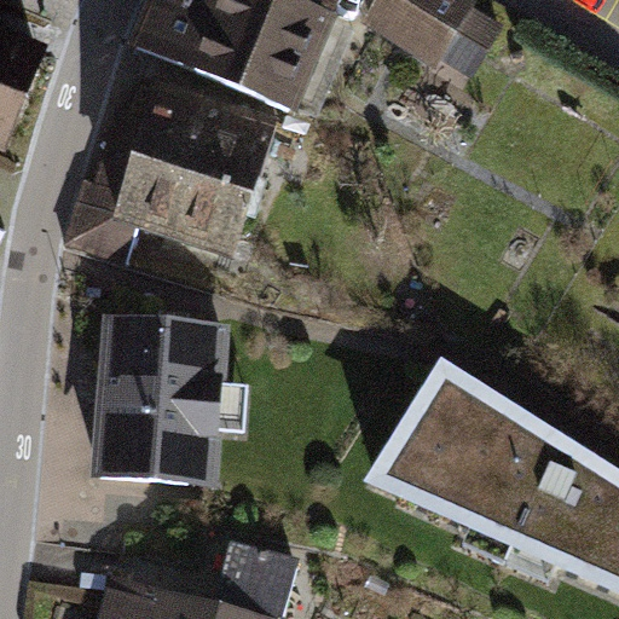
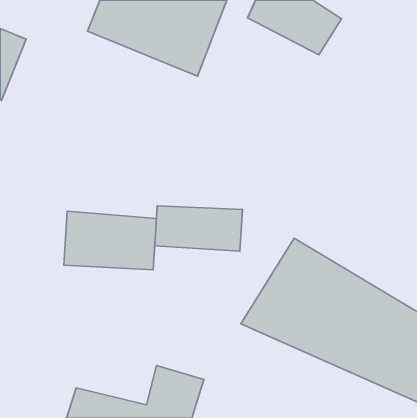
building: [73,82,276,262] -> none
building: none -> [155,206,242,251]
building: [87,392,228,488] -> none

